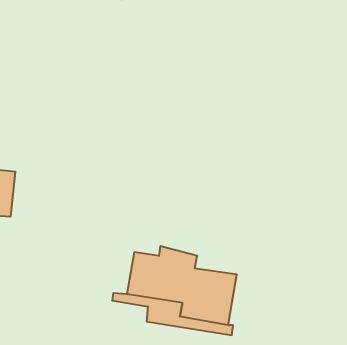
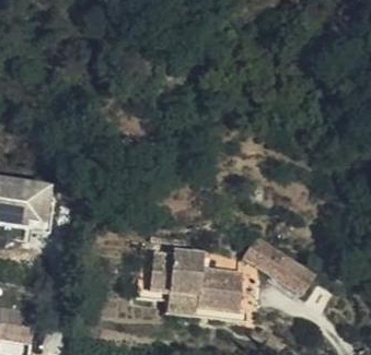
building: none -> [248,239,318,305]

